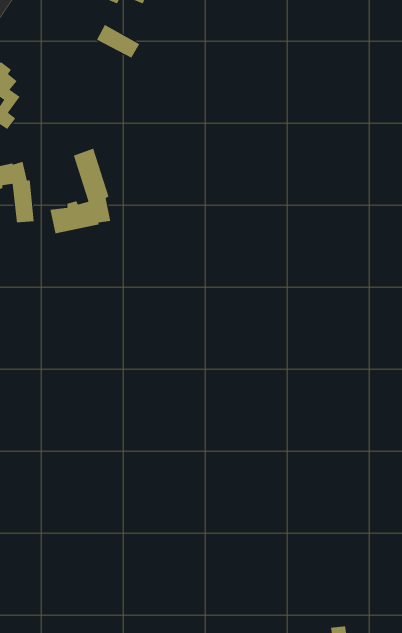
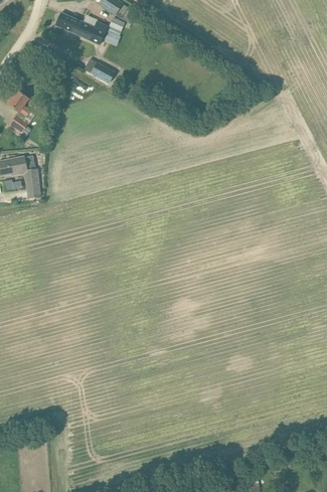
building: [50,148,111,234] -> none

